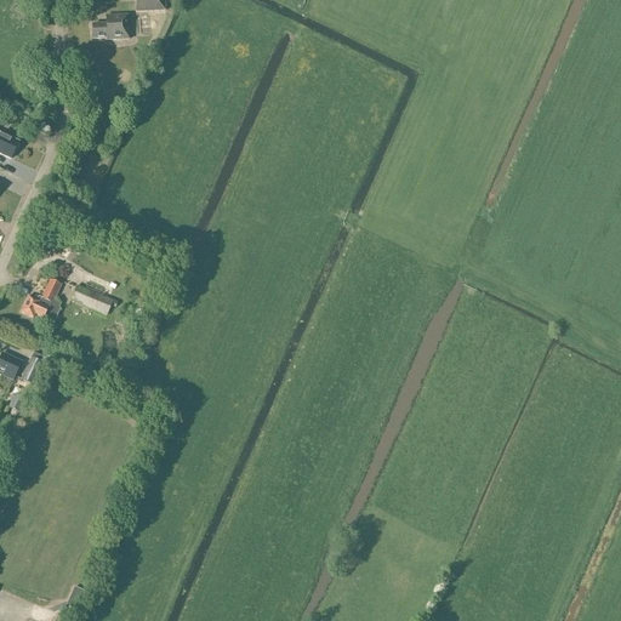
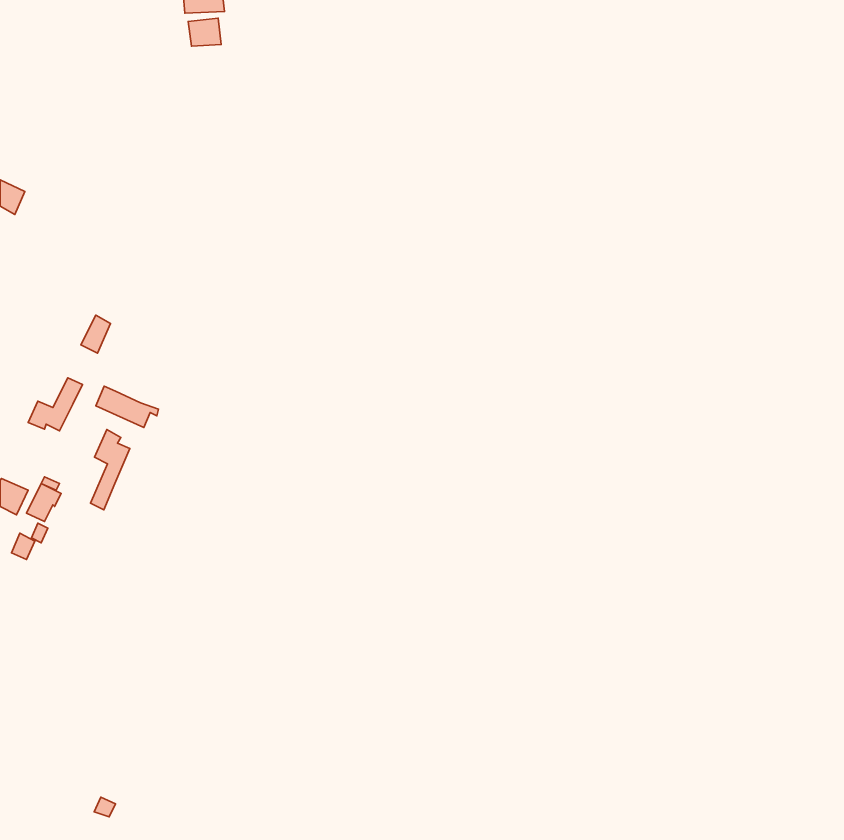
building: [92,13,129,39] -> none
building: none -> [91,429,130,510]

